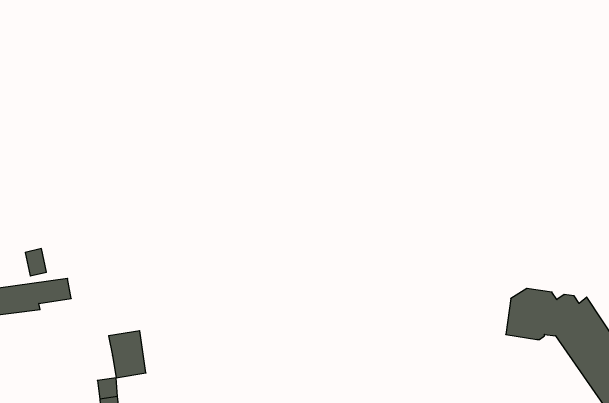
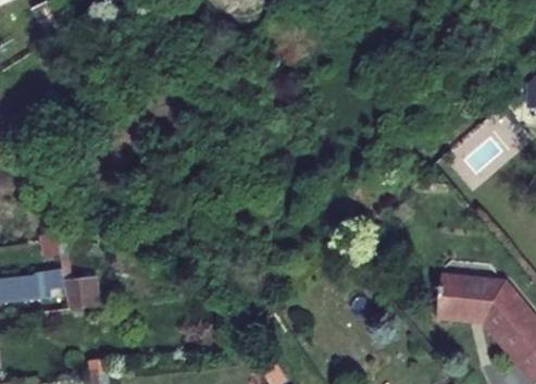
building: [109,331,146,378] -> [61,267,94,308]

